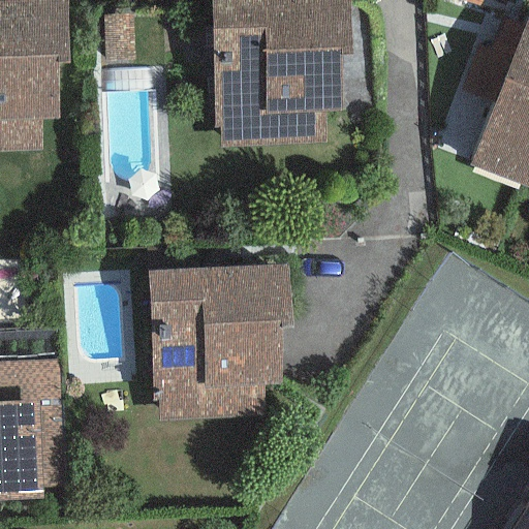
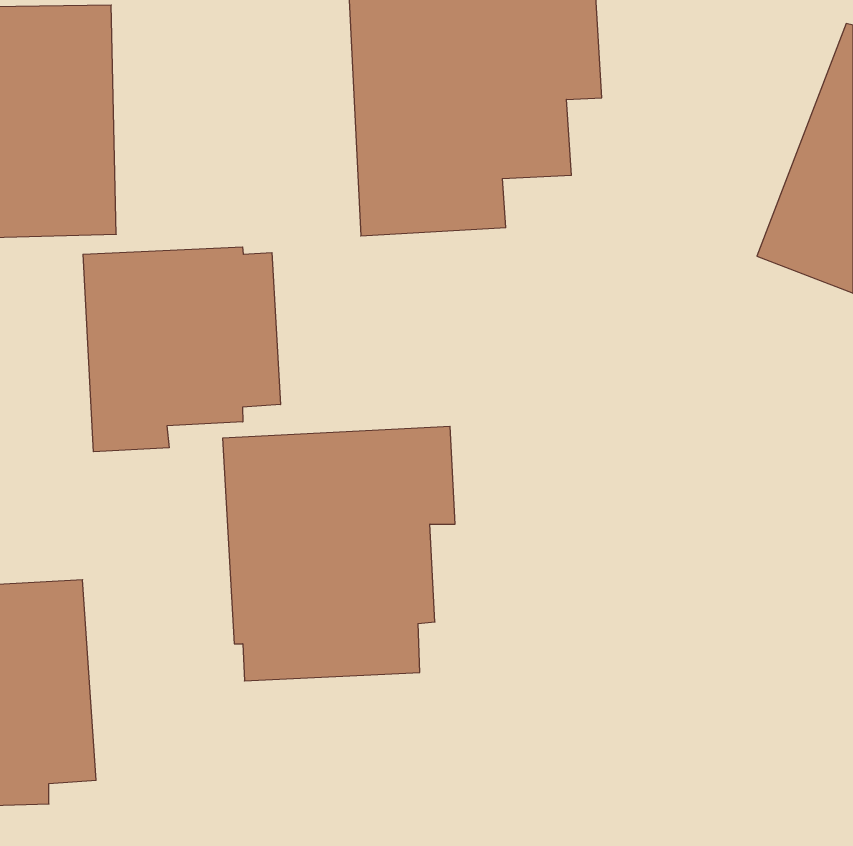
building: none -> [83,247,280,452]

